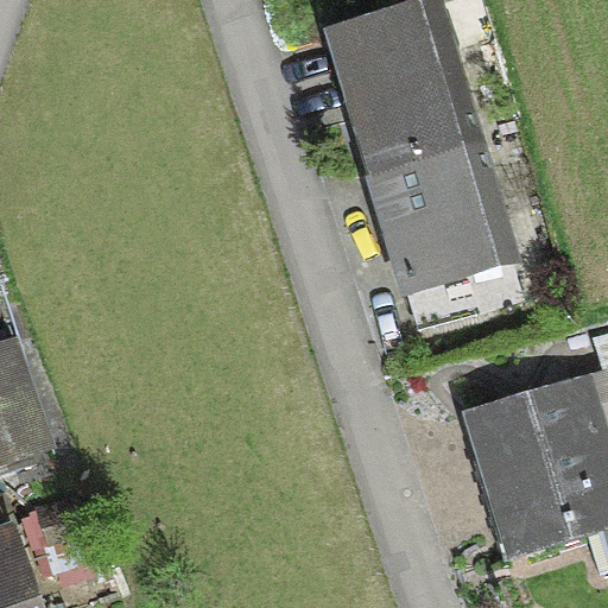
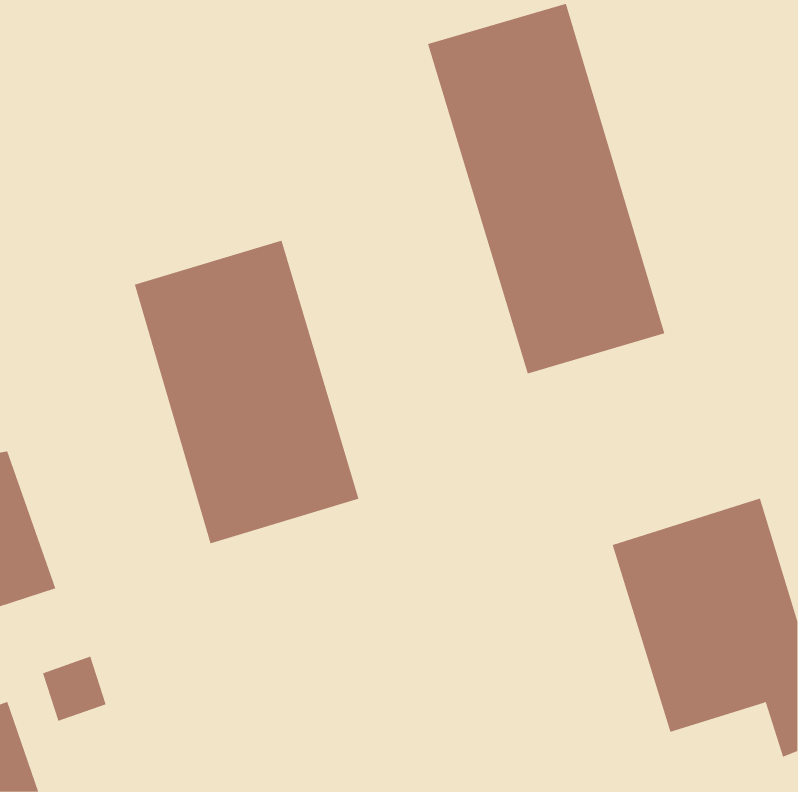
building: none -> [134,240,359,544]

